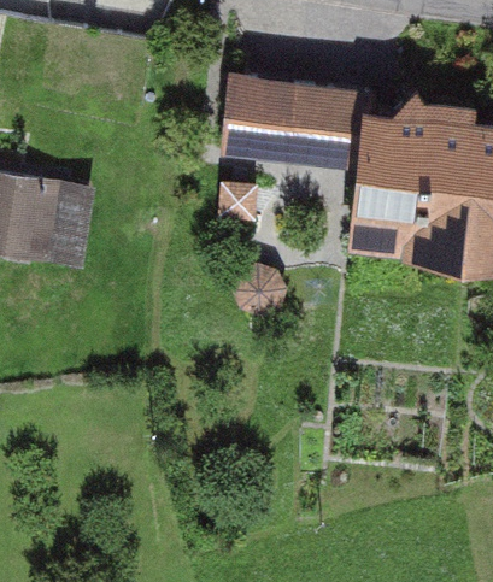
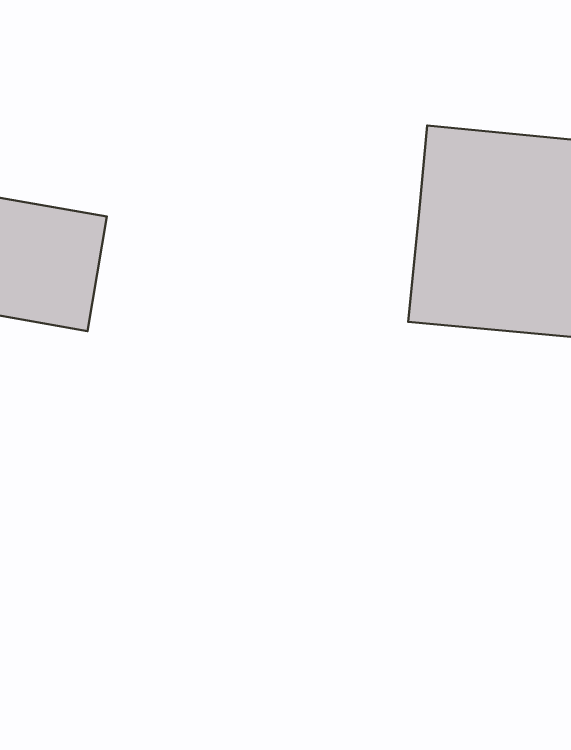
building: [223,77,356,174] -> none

